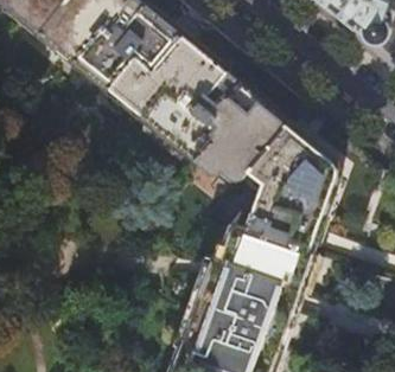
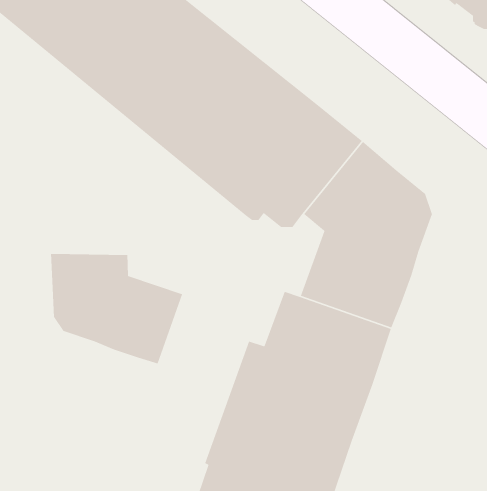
building: none -> [50,253,183,365]

